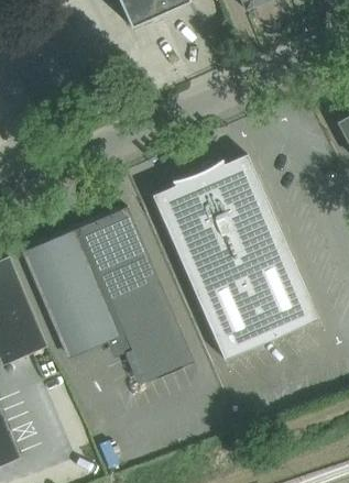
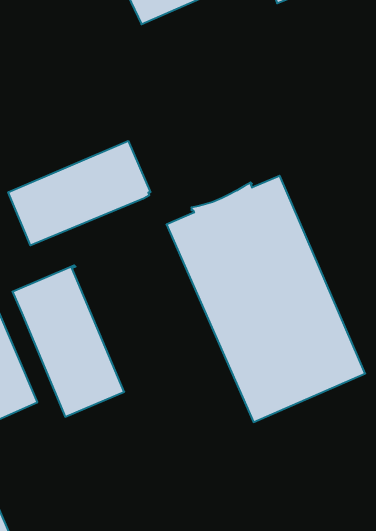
building: none -> [8,141,150,245]
building: [75,207,194,383] -> none

